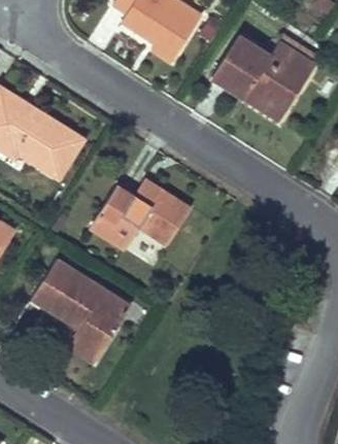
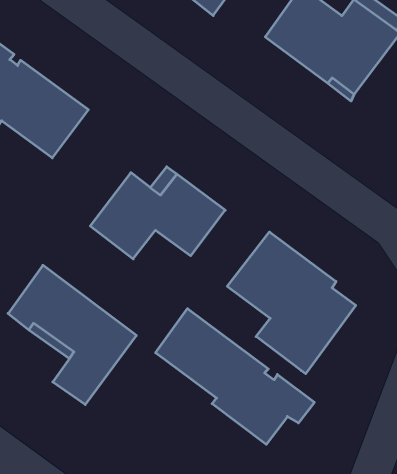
building: none -> [227,232,356,374]
building: none -> [156,309,314,444]

